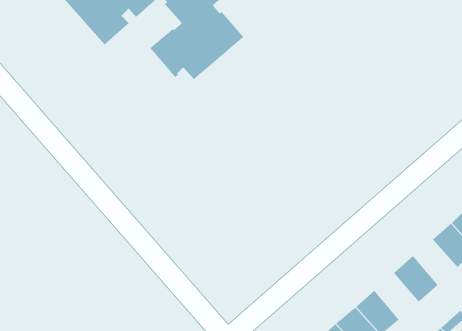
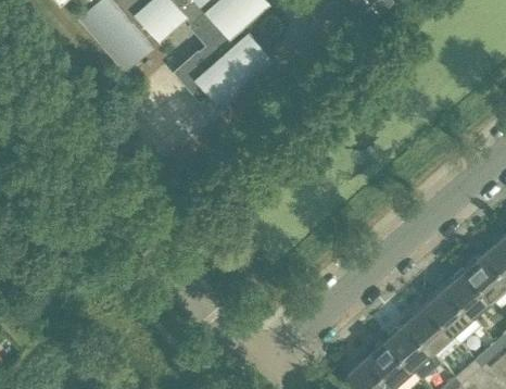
building: none -> [447,269,493,316]
building: none -> [407,304,453,352]

